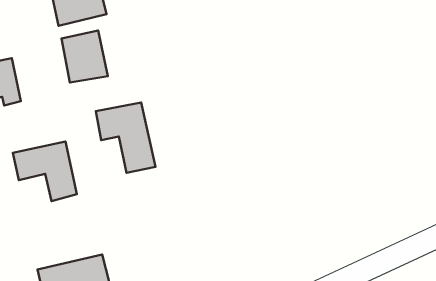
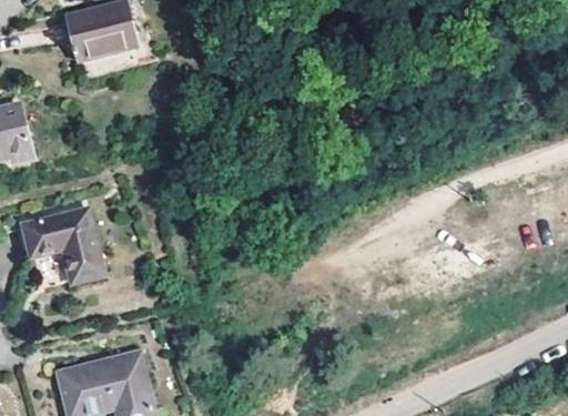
building: [62,30,108,83] -> none
building: [96,102,155,173] -> none

